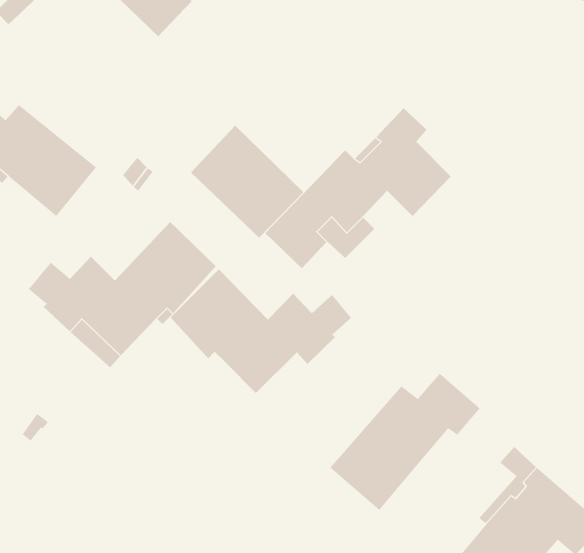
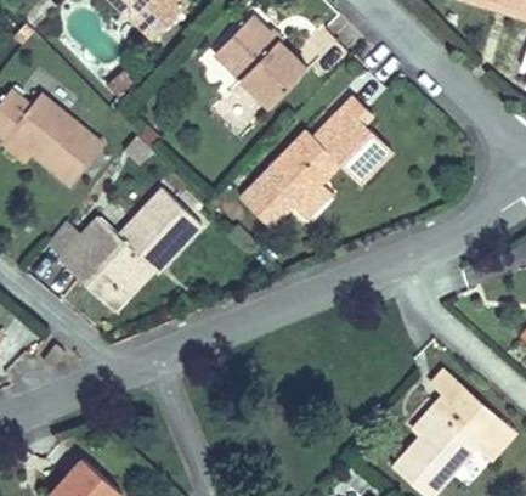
building: [190,125,304,239] -> [214,15,306,107]
building: [170,269,352,394] -> none
building: [329,373,480,511] -> none

